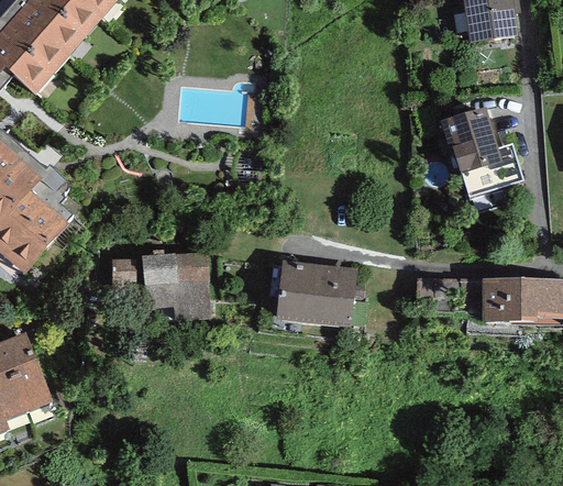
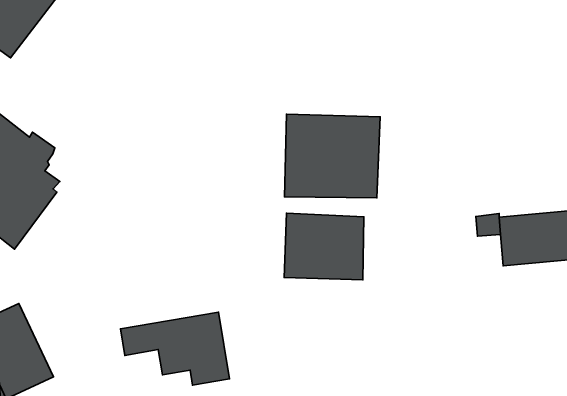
building: [440,109,523,201] -> none
building: none -> [285,114,380,198]
building: [112,252,211,319] -> [121,312,229,385]

